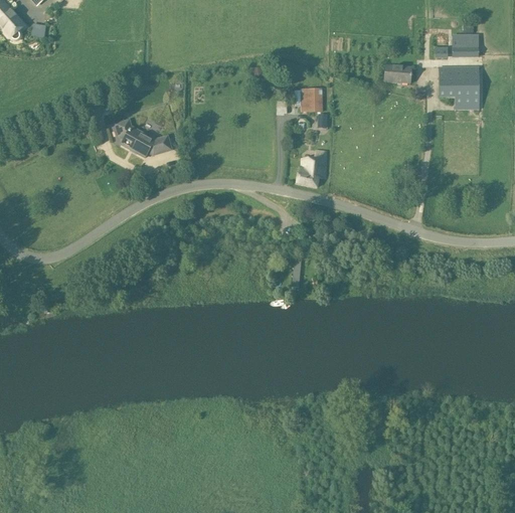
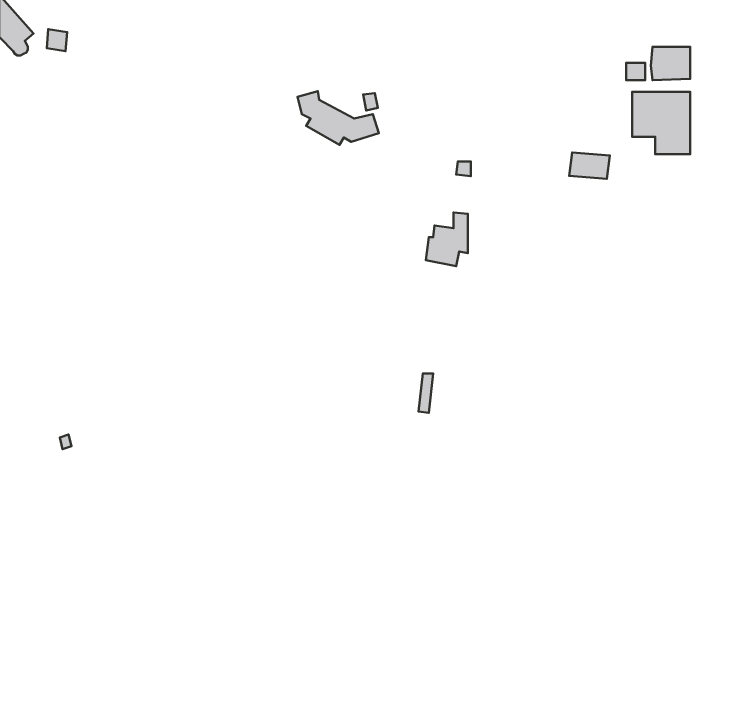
building: [383,64,411,82] -> [569,153,610,179]
building: [301,89,322,111] -> none
building: [115,120,171,157] -> [297,91,379,145]

